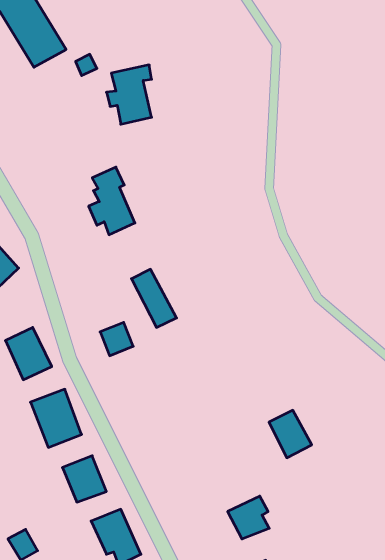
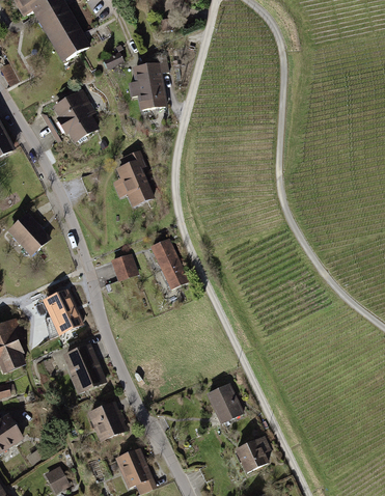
building: none -> [51,90,98,144]
building: [100,322,133,356] -> [107,252,136,281]
building: [269,410,312,458] -> [205,383,243,424]

